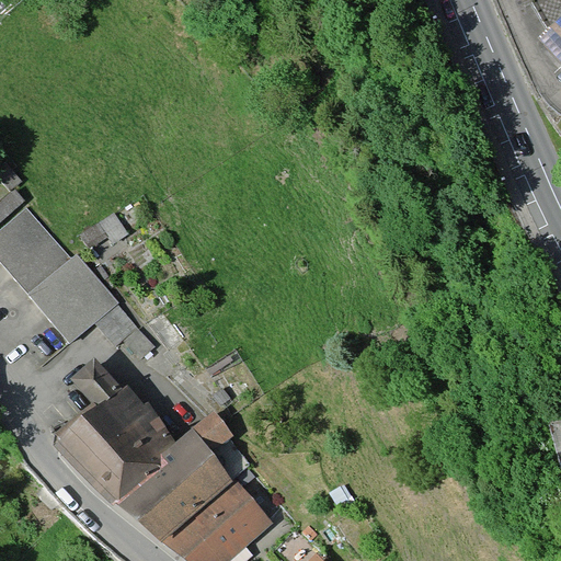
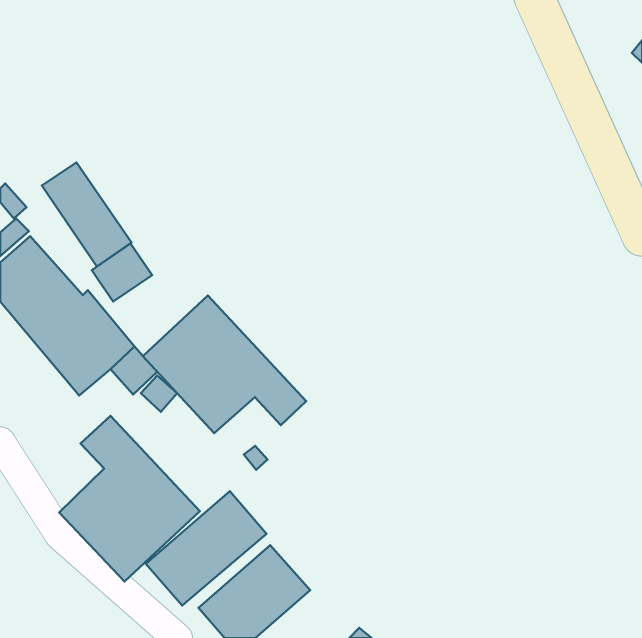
building: none -> [42,163,132,267]
building: none -> [143,296,306,433]

